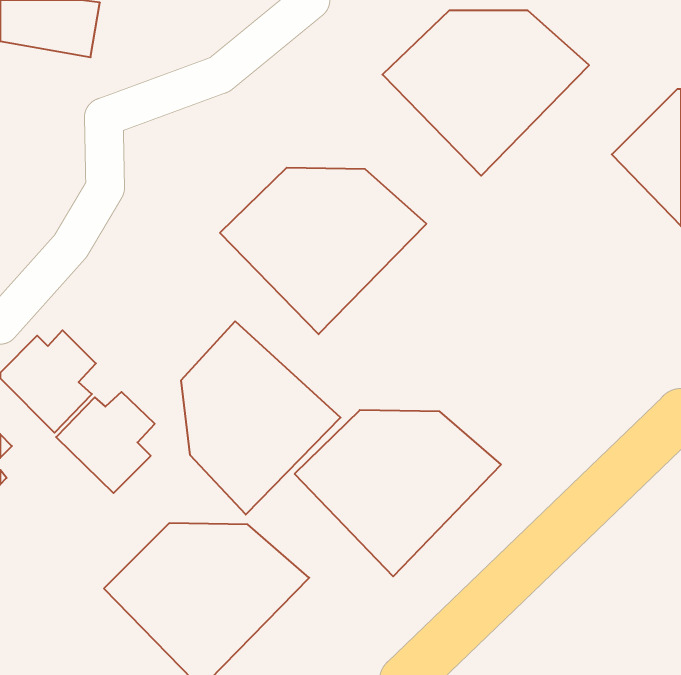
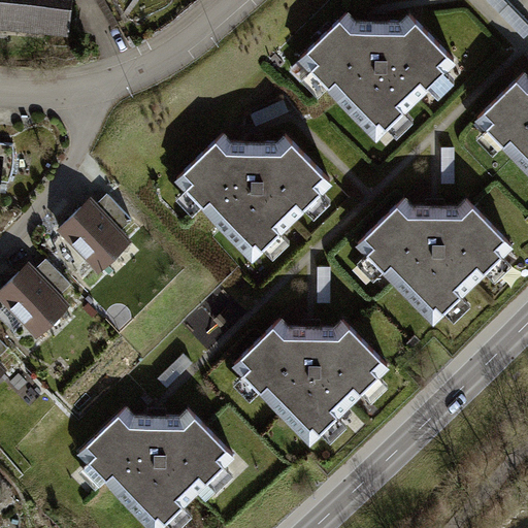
building: none -> [352,197,512,326]
building: [181,321,341,515] -> none
building: [56,392,155,493] -> [63,194,139,272]

